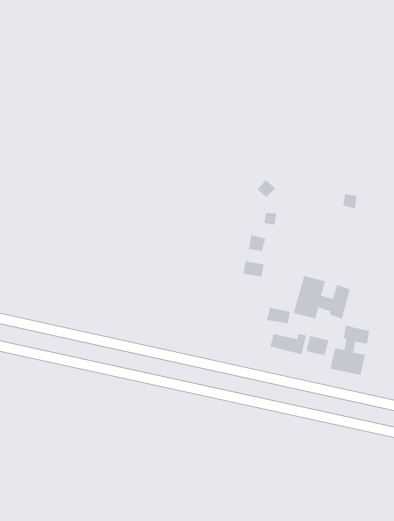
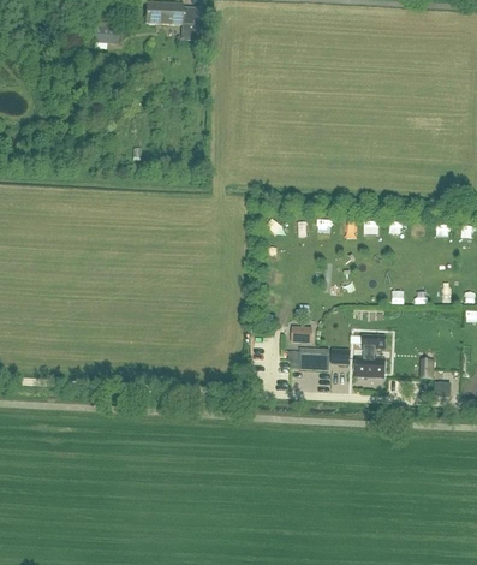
building: [293,275,350,319] -> none

